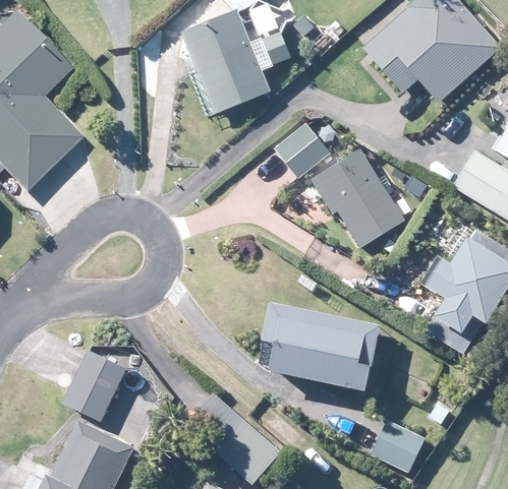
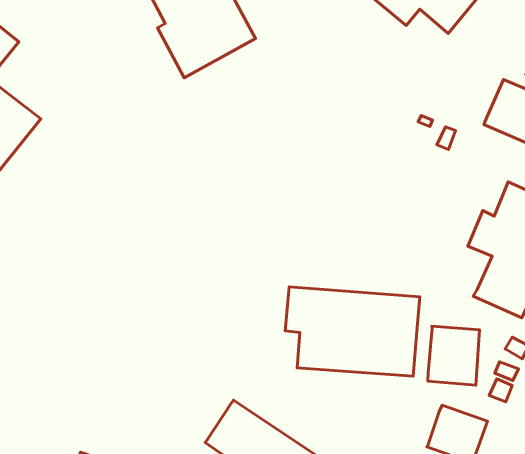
building: [276,123,331,177] -> none
building: [312,148,406,248] -> none
building: [64,350,126,420] -> none
building: none -> [428,326,480,385]

